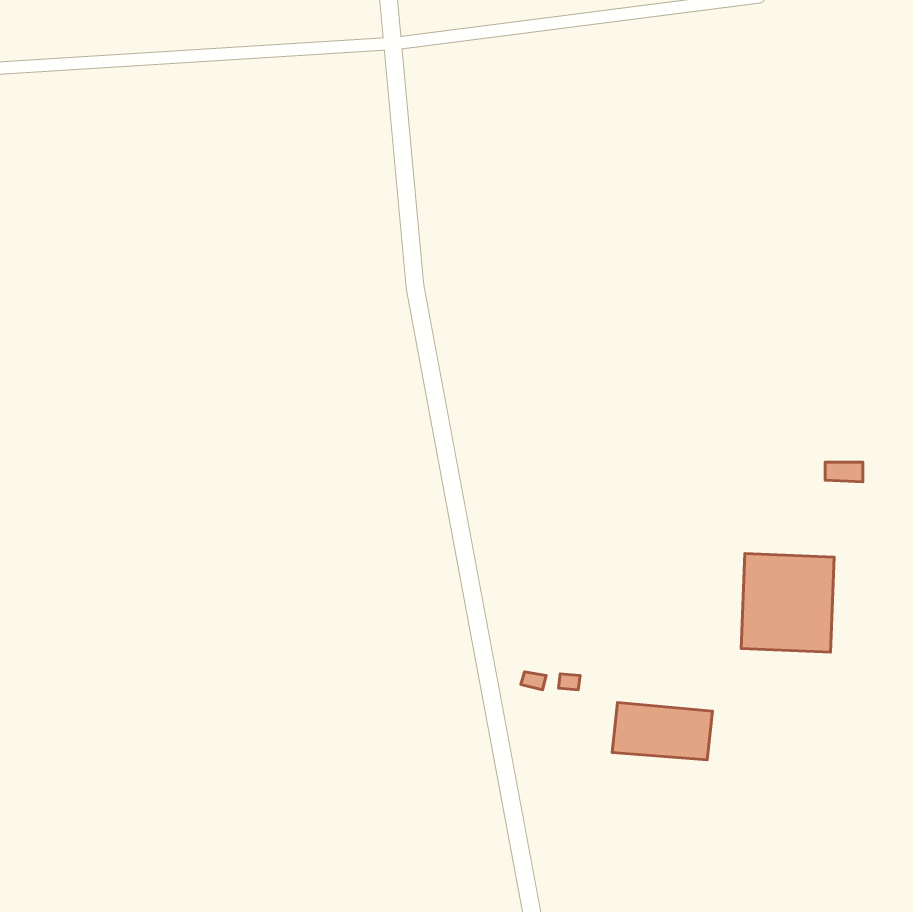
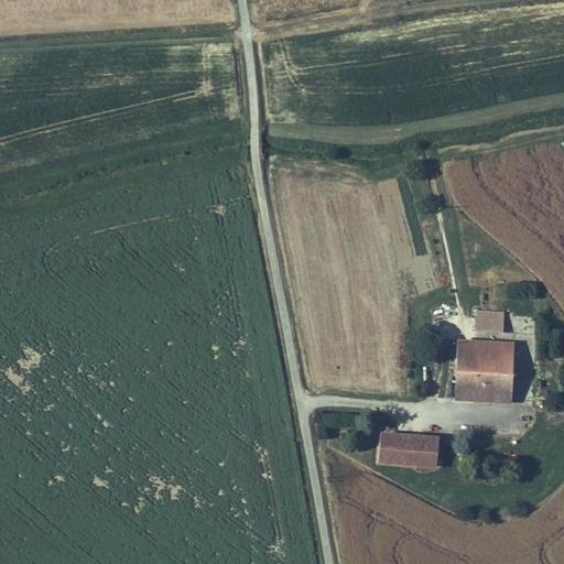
building: none -> [475,310,502,330]

